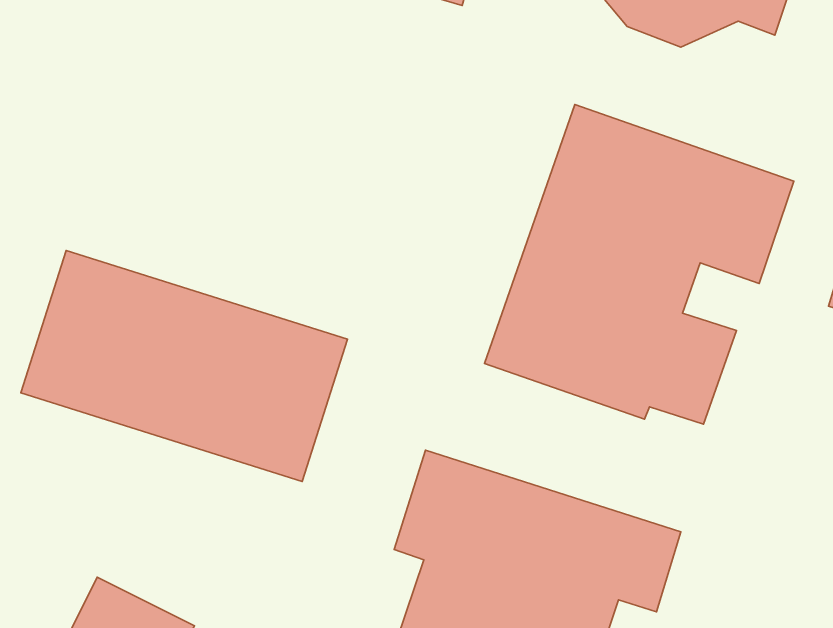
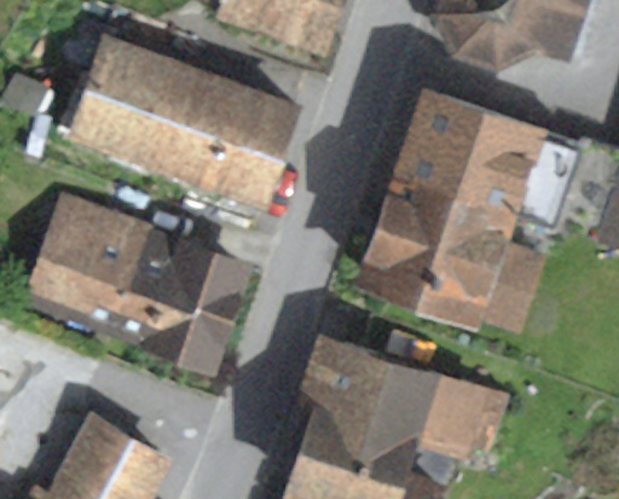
building: none -> [86,41,308,197]

